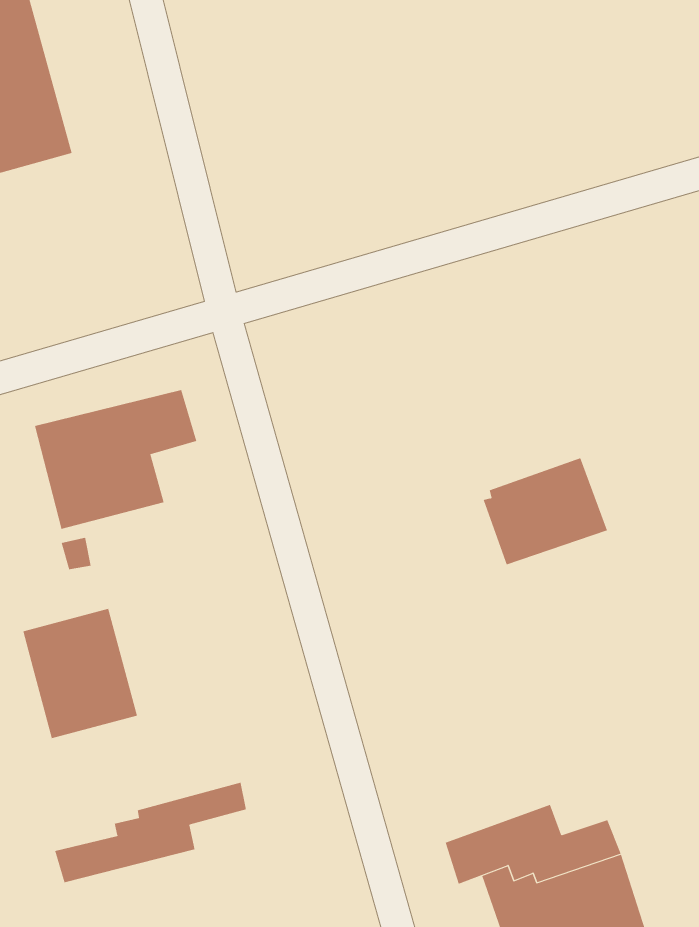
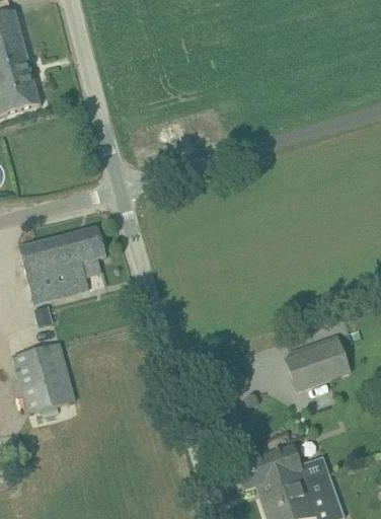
building: [483,458,608,565] -> [285,335,351,391]
building: [54,782,246,883] -> none

